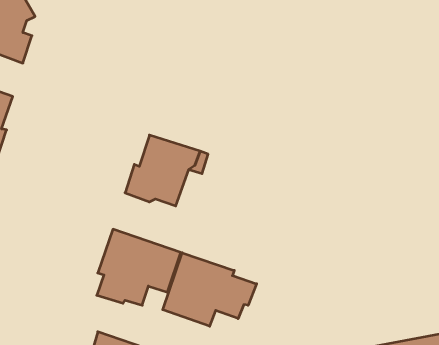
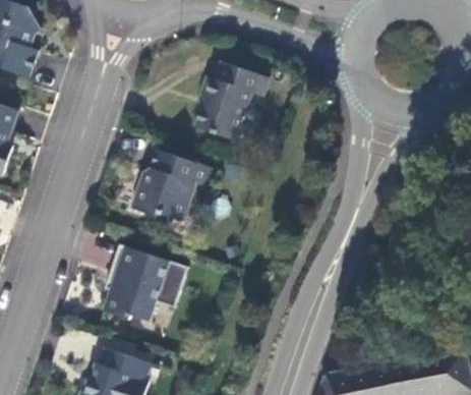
building: none -> [196,61,270,139]
building: [163,253,257,326] -> none

